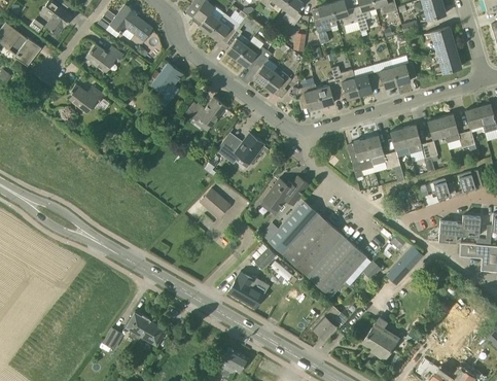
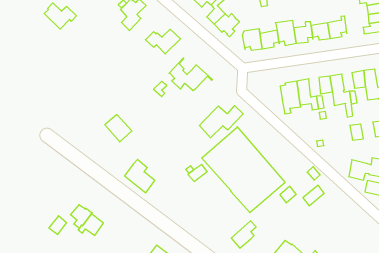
building: [200,188,232,219] -> [105,115,132,142]
building: [228,272,263,309] -> [125,159,155,193]

